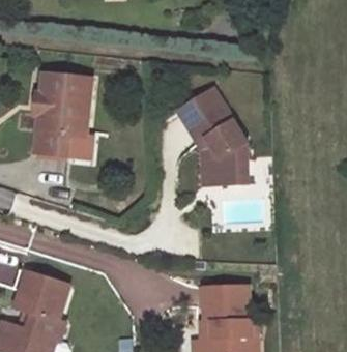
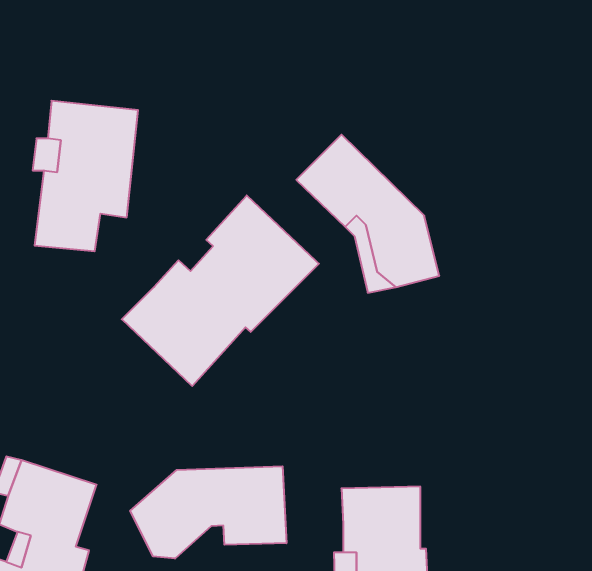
building: none -> [122,195,319,386]
building: none -> [130,466,286,559]

